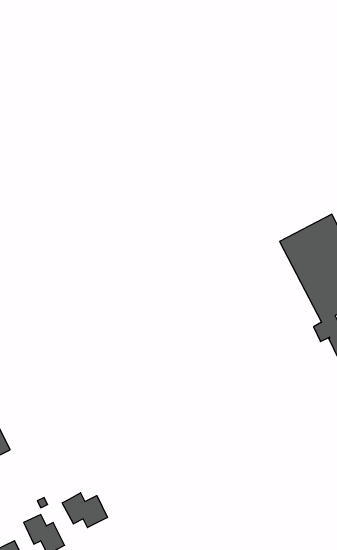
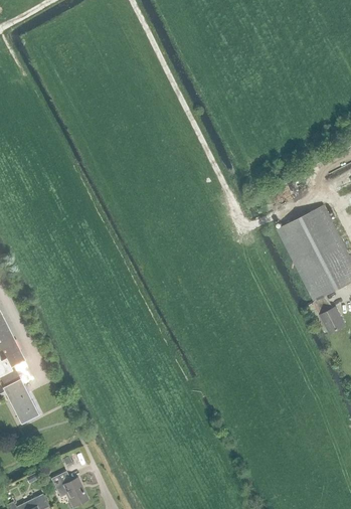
building: [62,493,107,528] -> none

